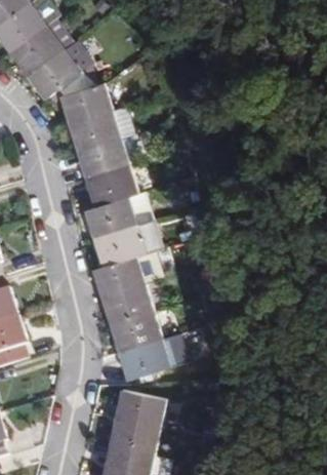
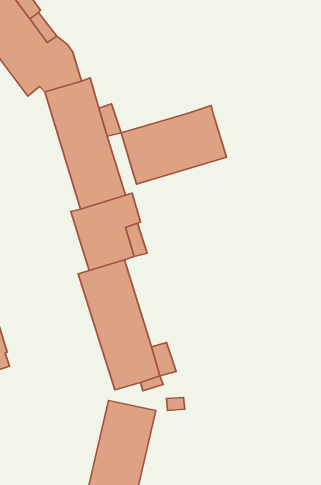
building: none -> [121,106,226,184]

